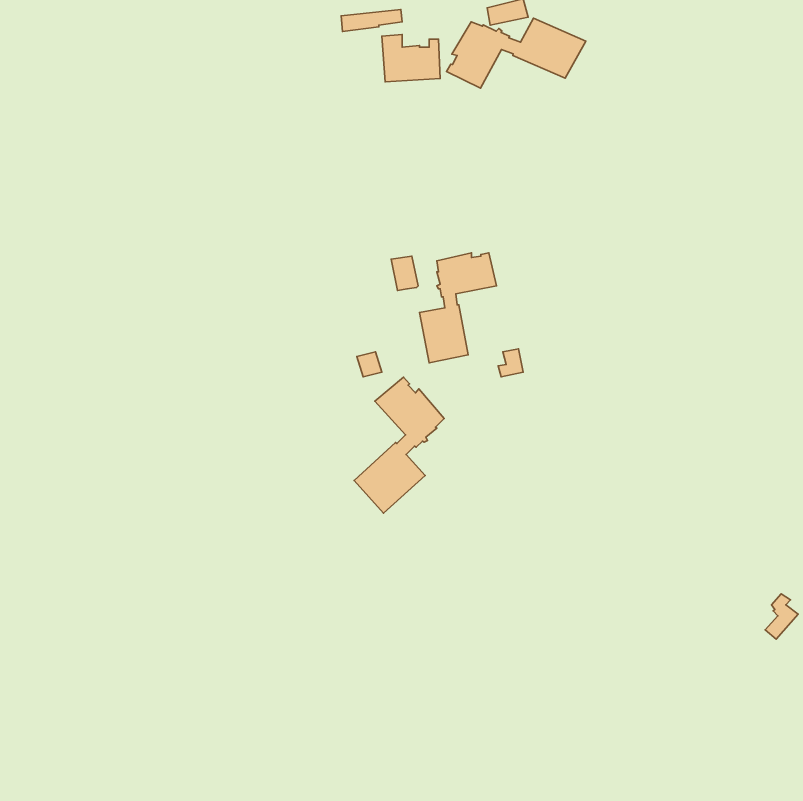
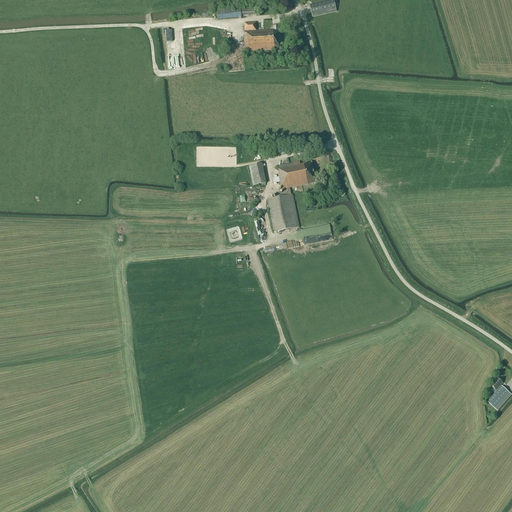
building: [447,18,586,88] -> none
building: [354,377,444,513] -> none

